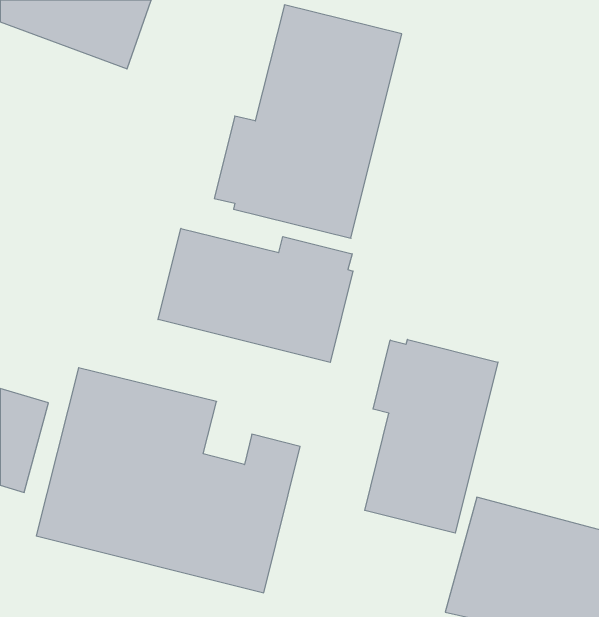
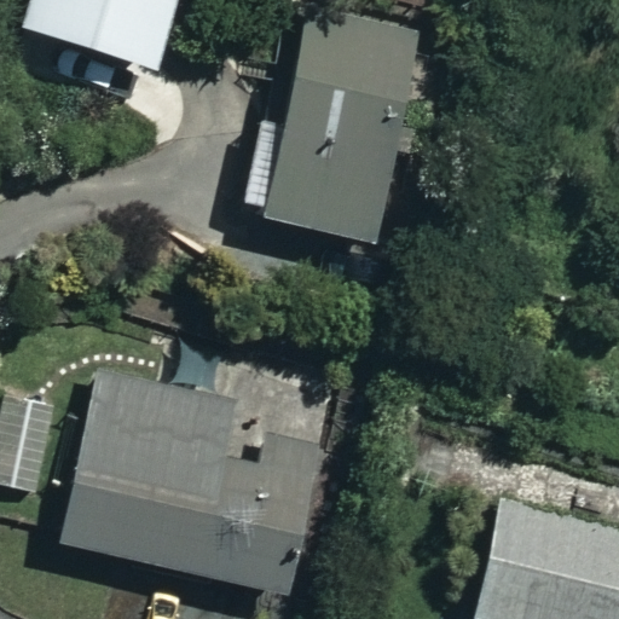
building: [158,228,353,362] -> none
building: [365,339,498,533] -> none

